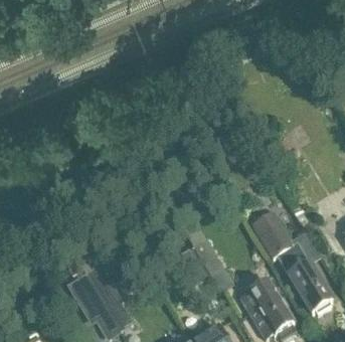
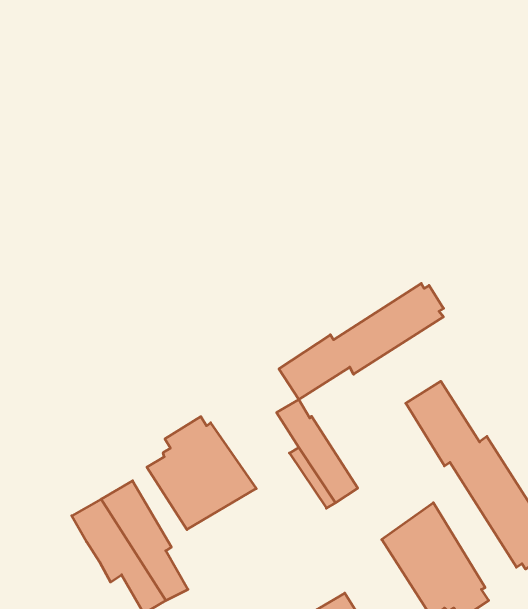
building: none -> [279,283,444,400]
building: none -> [147,417,256,530]

